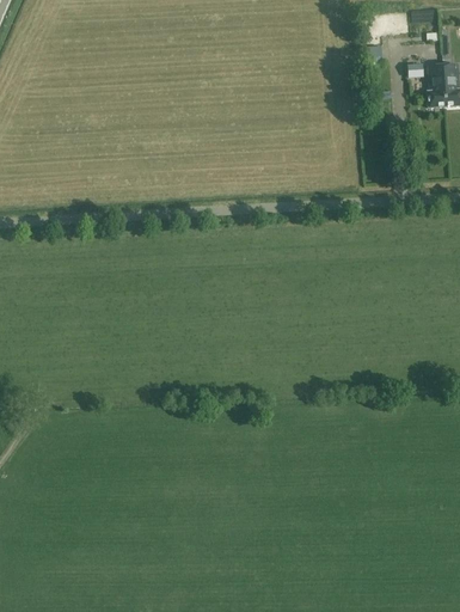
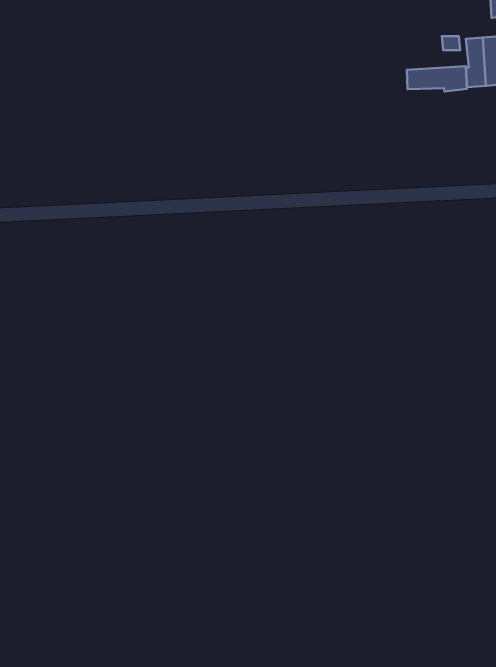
building: none -> [407,66,467,91]

